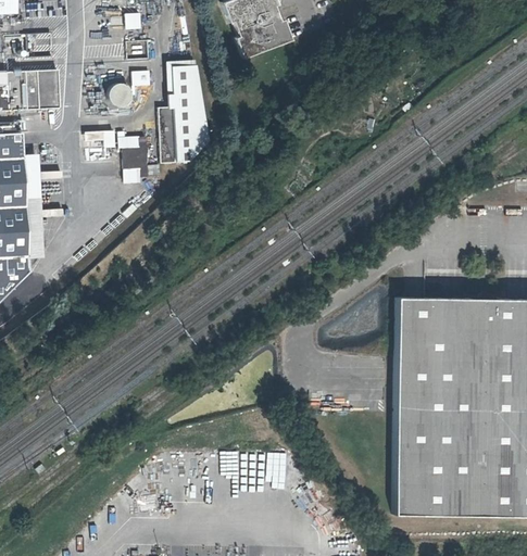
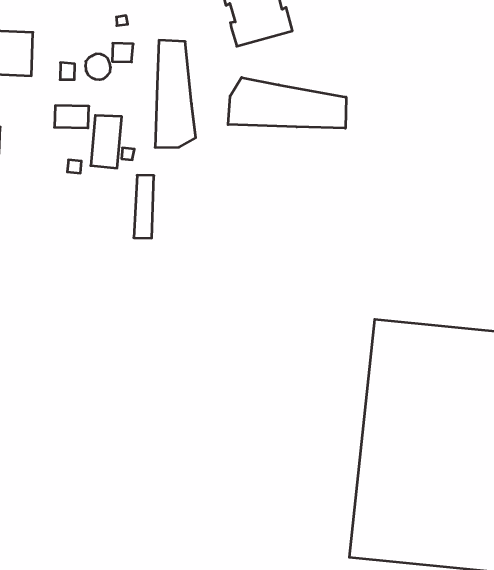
building: none -> [228,77,346,128]
building: [160,105,178,163] -> [134,175,154,238]

